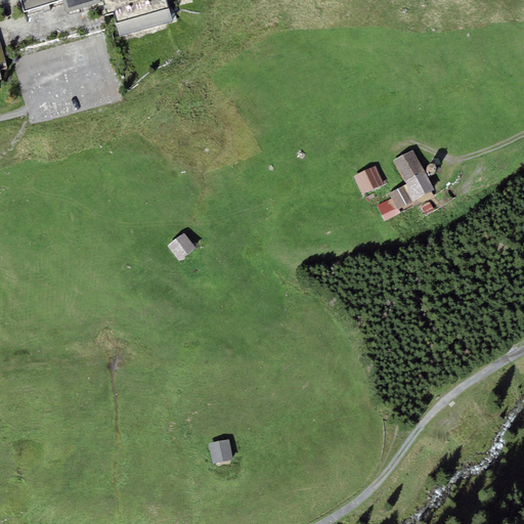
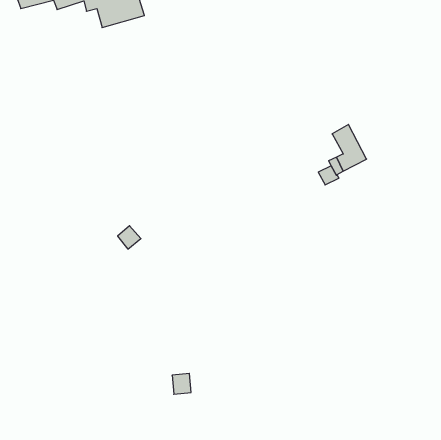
building: [355,164,385,192] -> none
building: [169,231,196,259] -> [118,226,141,249]

